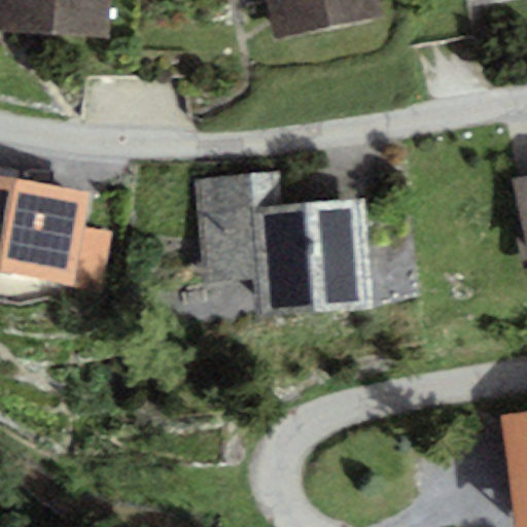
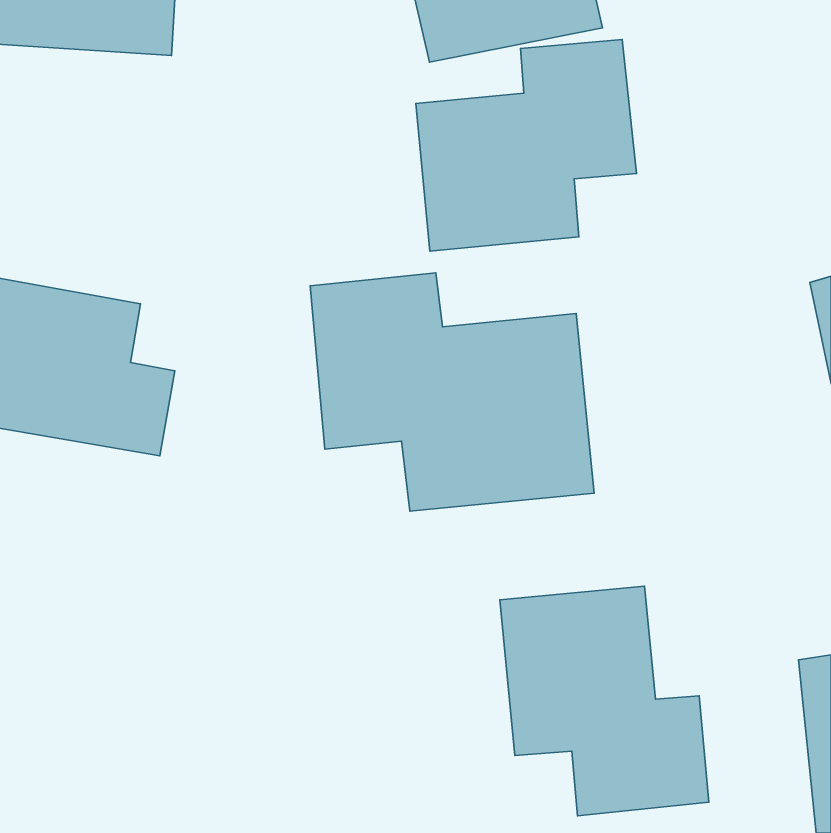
building: none -> [416,39,636,251]
building: none -> [500,586,709,816]

